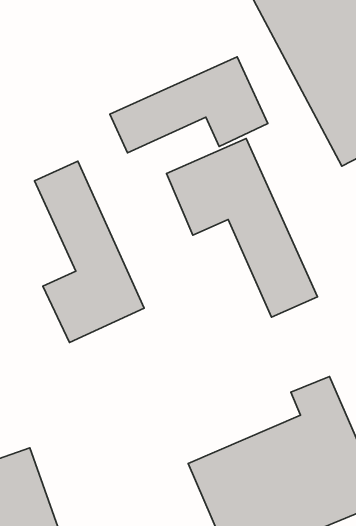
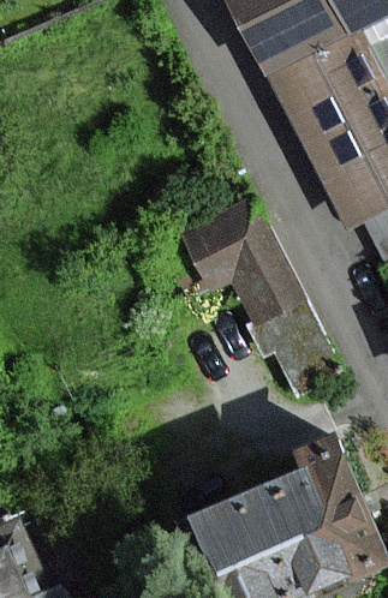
building: [110,57,268,153] -> none
building: [35,161,144,343] -> none

